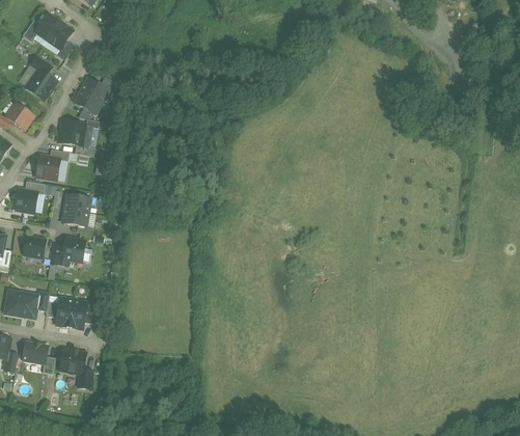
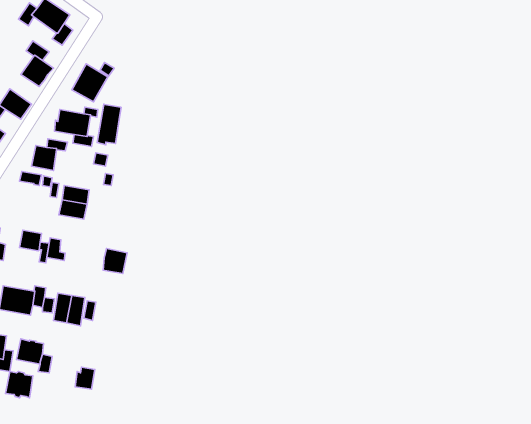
building: none -> [97,104,121,145]
building: [16,189,37,213] -> none
building: [62,237,85,261] -> [103,248,127,273]
building: [59,348,85,373] -> [5,372,33,398]

